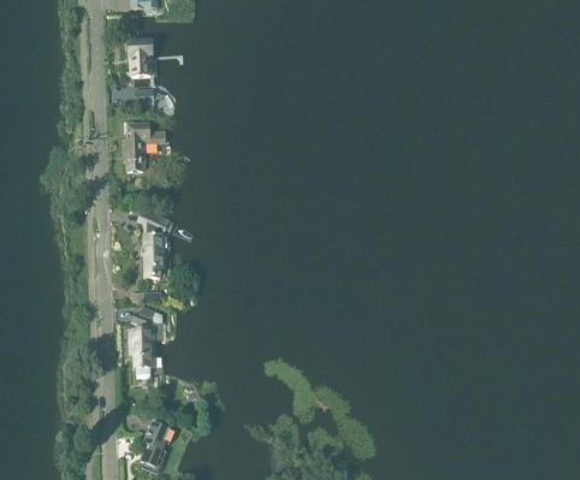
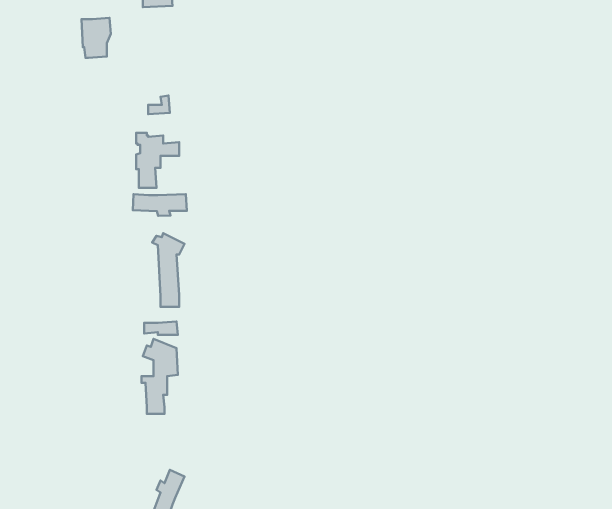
building: [130,38,156,75] -> [81,18,111,58]
building: none -> [133,194,187,216]

